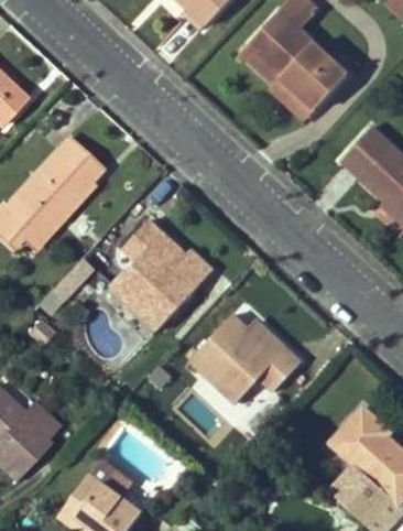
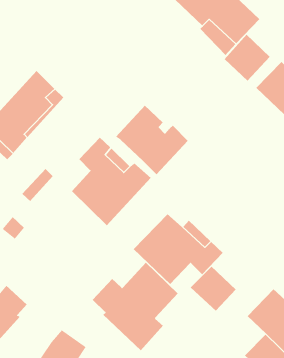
building: none -> [224,34,270,81]
building: none -> [115,105,188,175]
building: none -> [92,262,179,351]
building: none -> [190,266,236,312]

